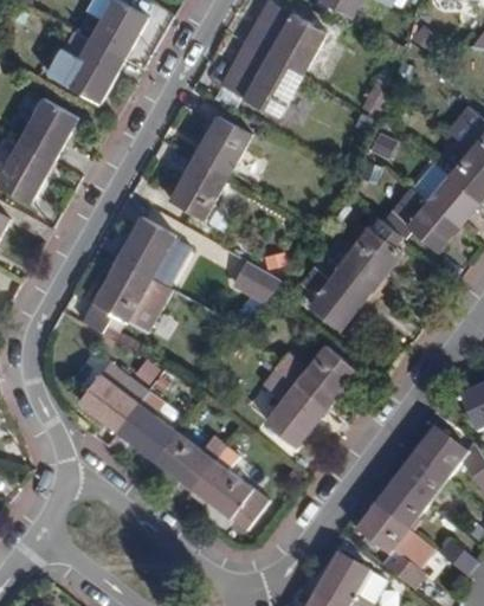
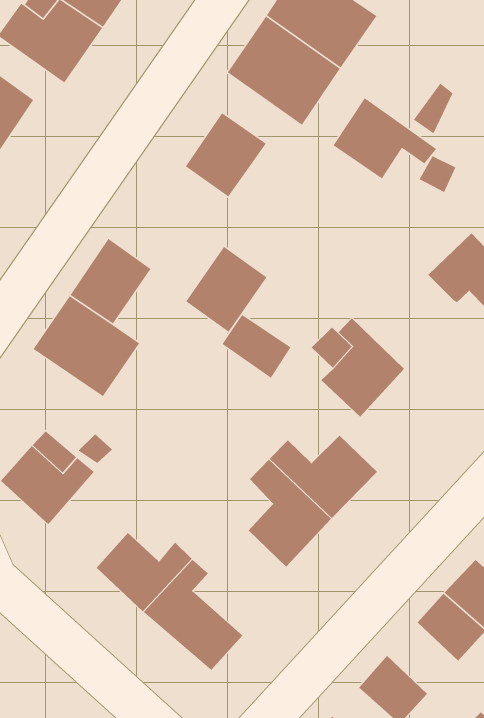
building: none -> [333,97,437,180]
building: [168,156,227,220] -> [185,246,267,333]
building: [327,219,401,291] -> none
building: [116,388,175,459] -> none
building: [375,478,428,530] -> none

